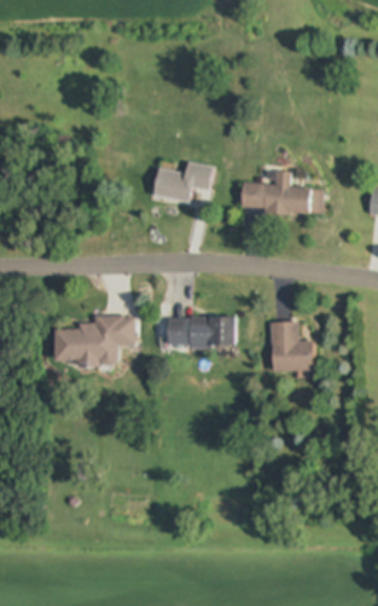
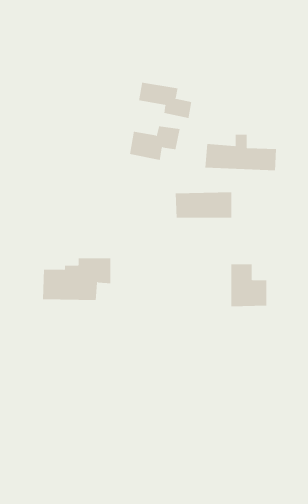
building: none -> [138,82,192,119]
building: [168,316,234,346] -> [175,192,232,218]

